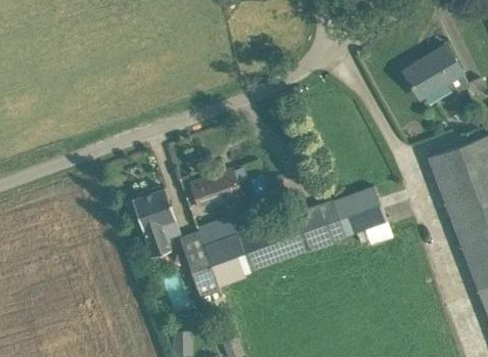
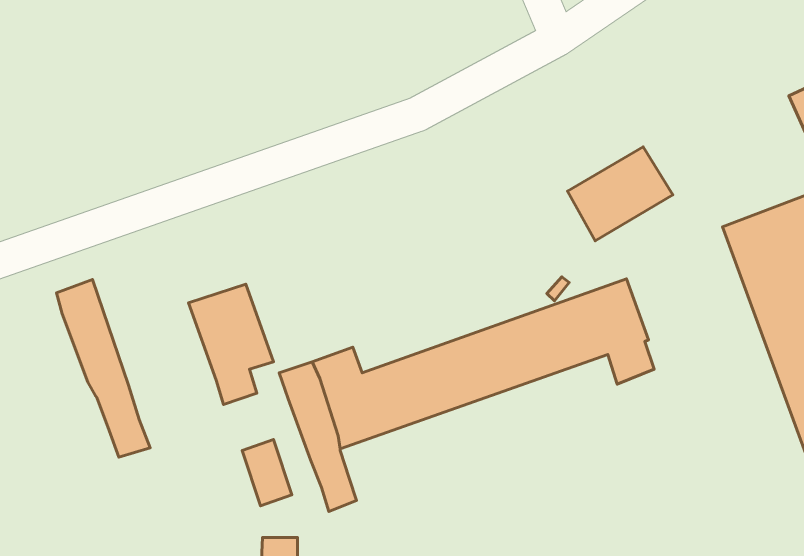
building: [404,46,462,98] -> [567,147,673,241]
building: [191,170,241,209] -> none
building: none -> [56,279,150,457]

